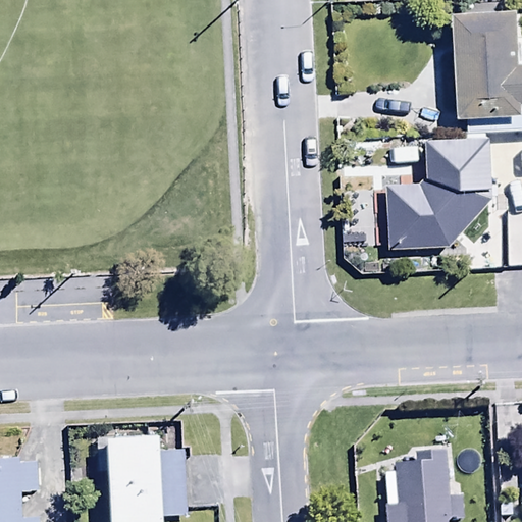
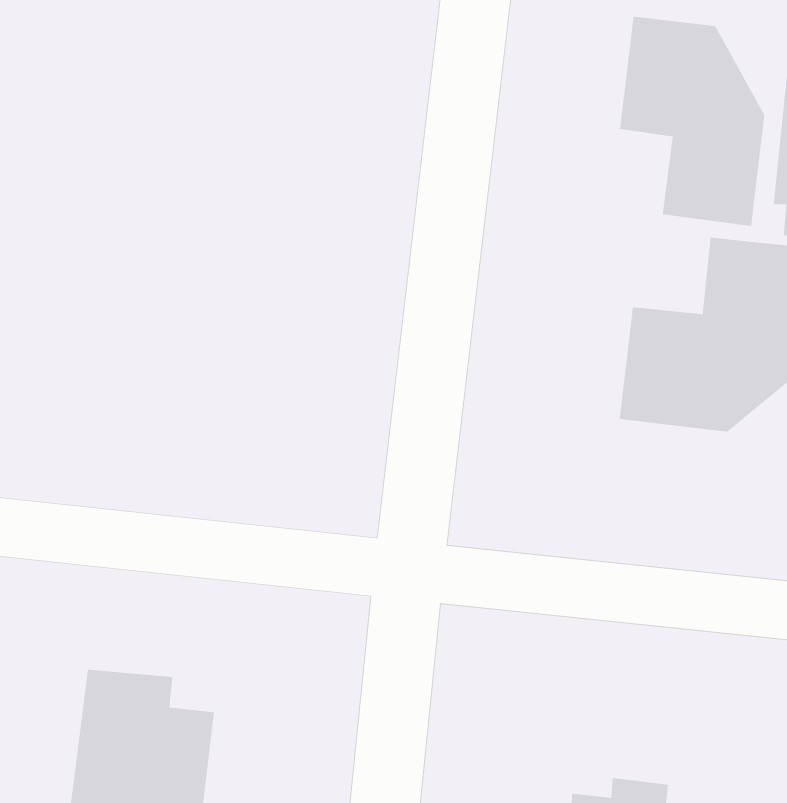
building: none -> [620,16,765,227]

